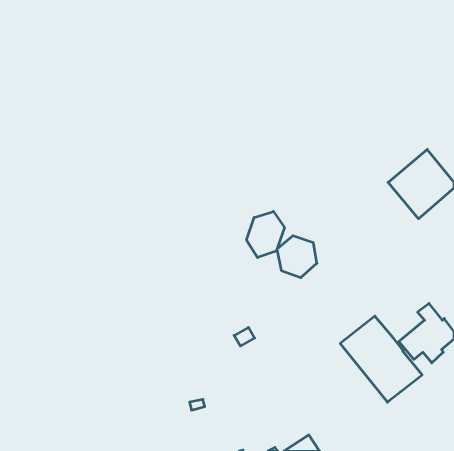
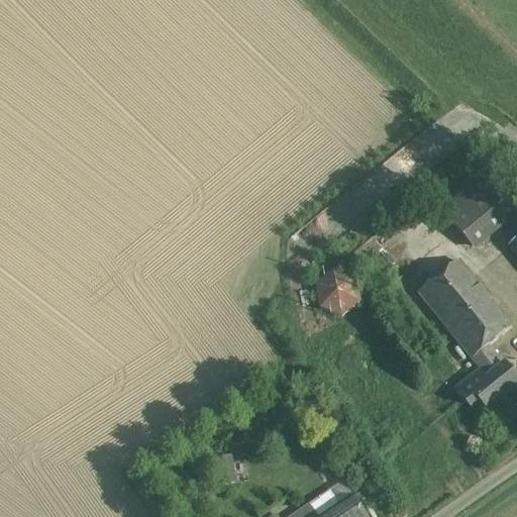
building: [247,211,284,258] -> none
building: [340,316,422,402] -> [418,258,511,356]

